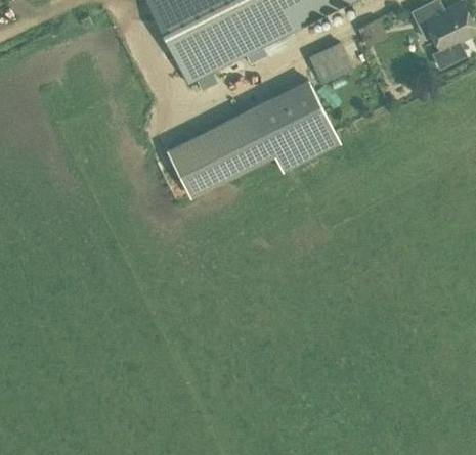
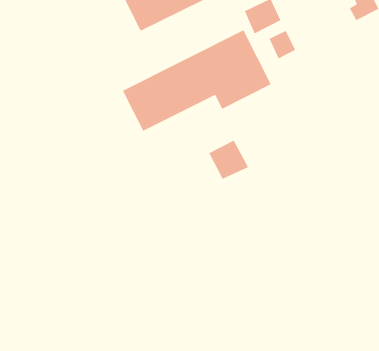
building: none -> [269,30,296,60]
building: none -> [208,140,249,180]

